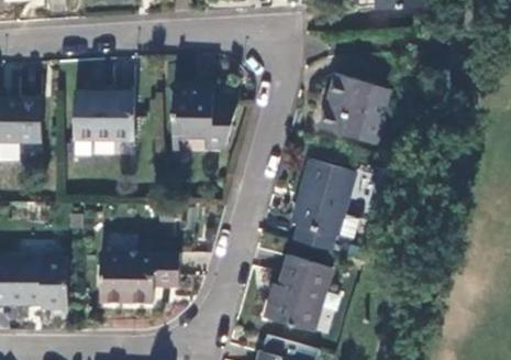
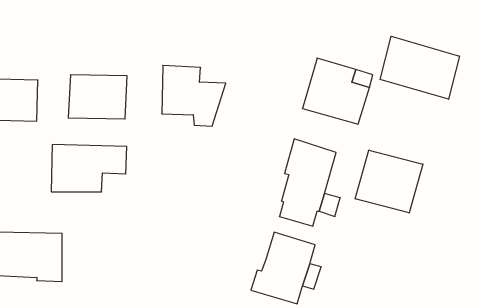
building: none -> [380,36,459,99]
building: none -> [355,150,423,213]
building: [99,252,178,302] -> [51,145,127,192]

